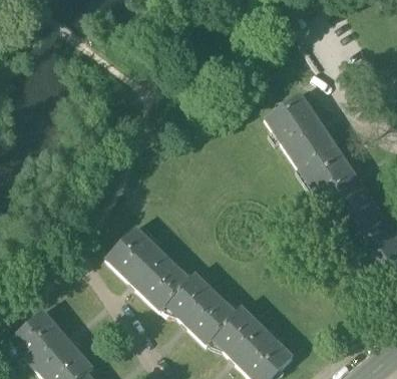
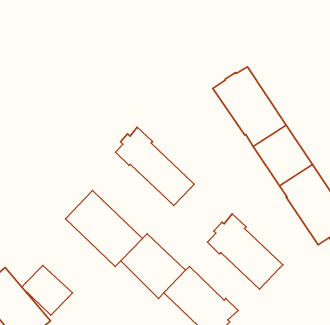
building: none -> [116,127,194,206]
building: none -> [208,214,283,289]
building: none -> [22,266,72,315]

